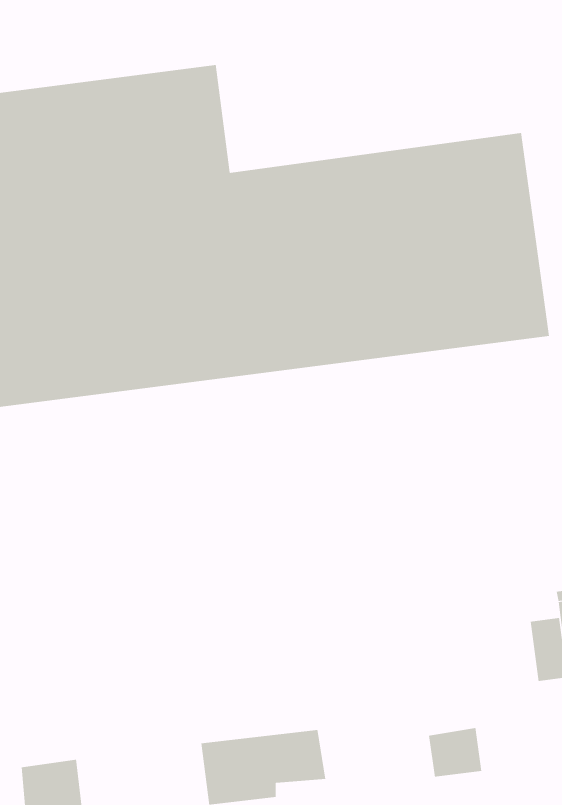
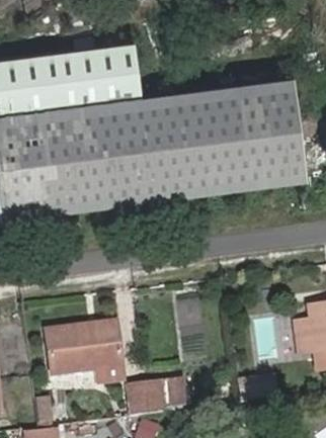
building: none -> [46,323,120,375]

